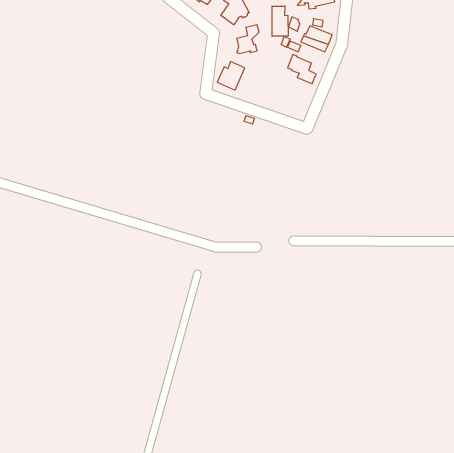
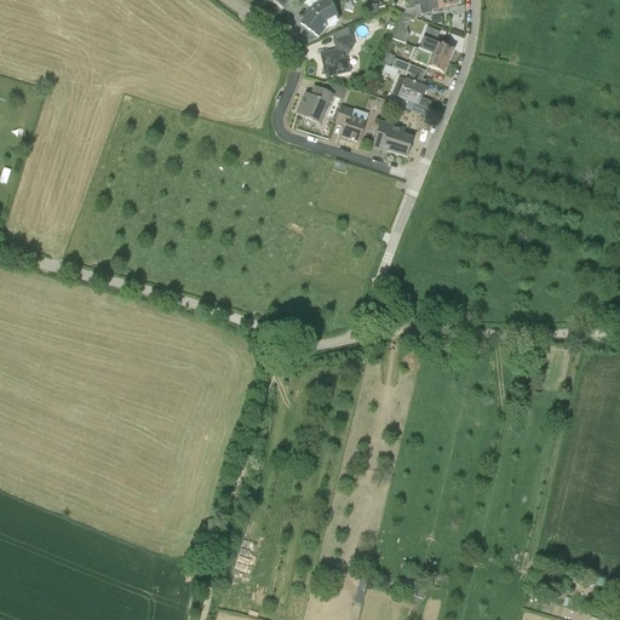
building: [272,6,288,36] -> none
building: none -> [335,104,366,139]
building: none -> [373,119,413,155]

